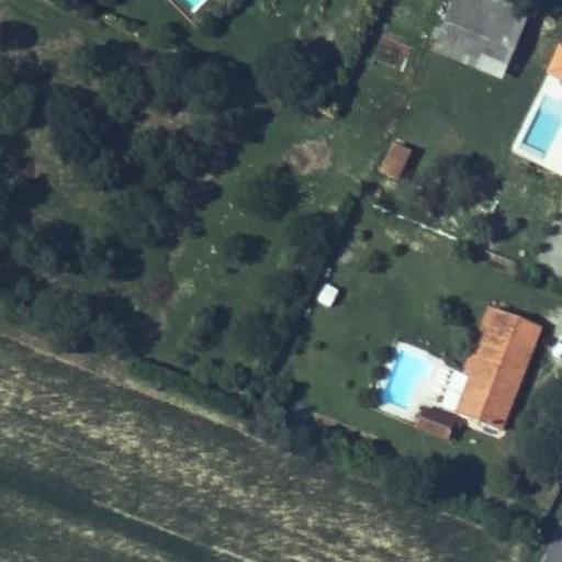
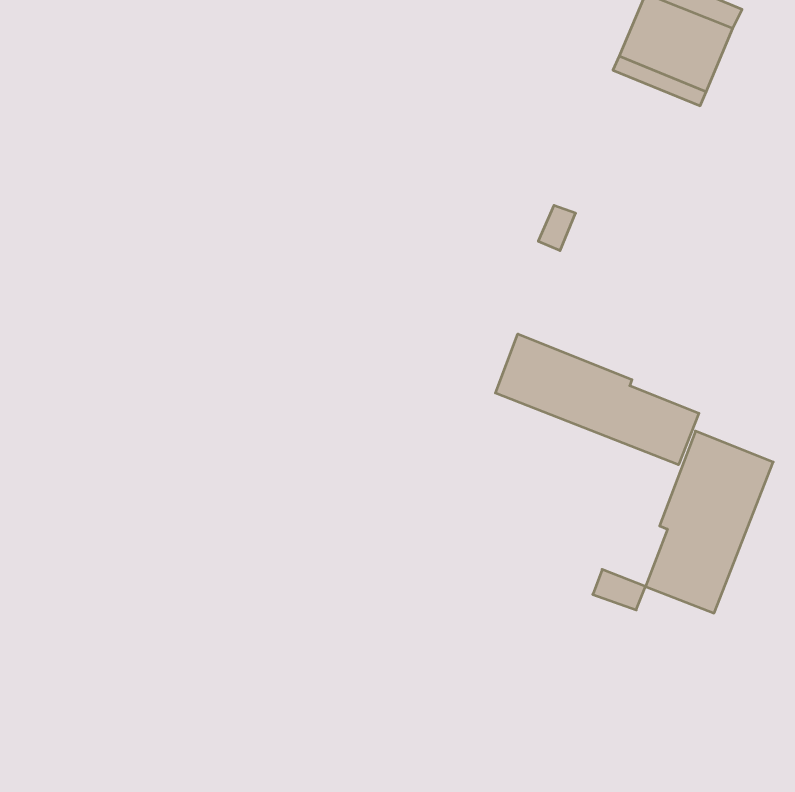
building: none -> [495,334,699,465]

